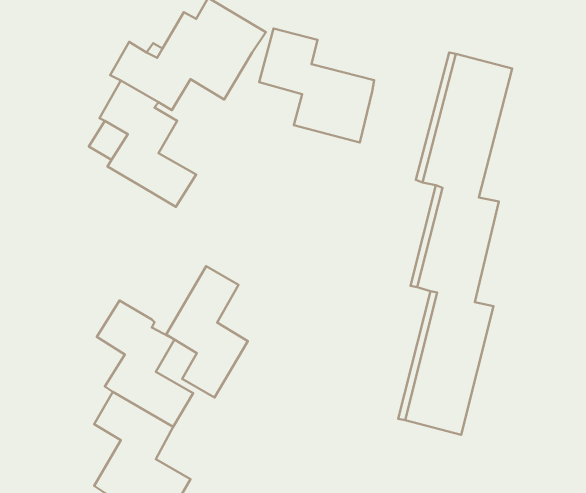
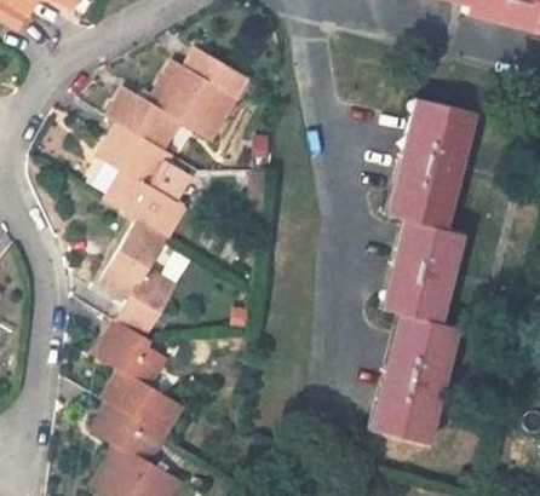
building: [259,28,374,142] -> none
building: [166,266,248,398] -> [103,219,177,338]

